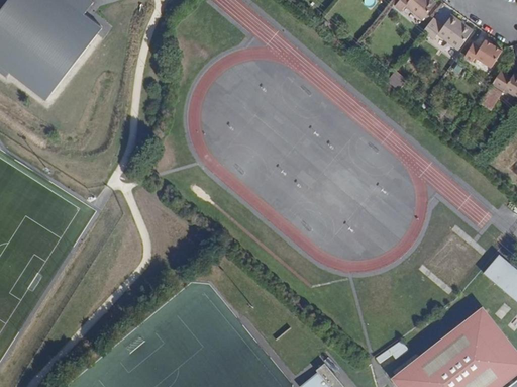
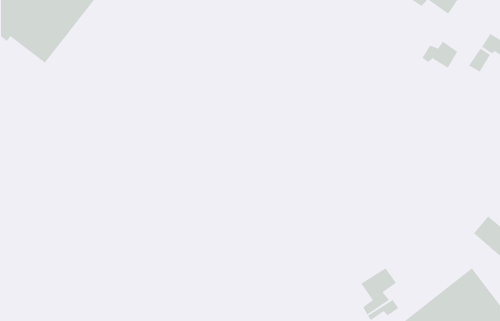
building: [464,37,502,66] -> [422,41,458,69]
building: none -> [361,268,397,316]

